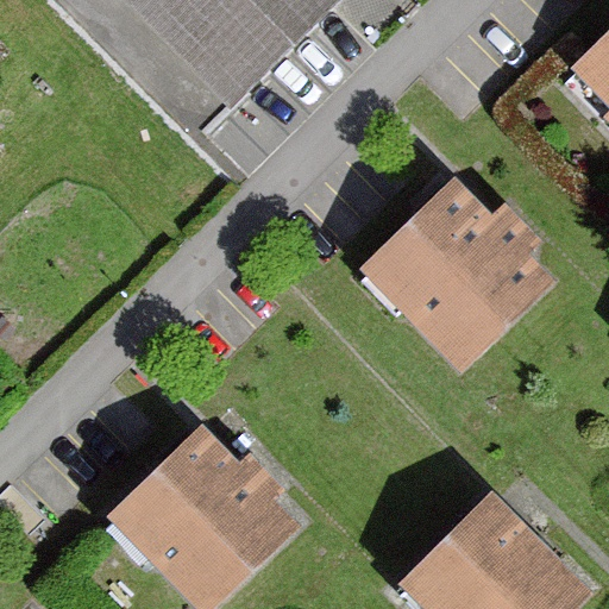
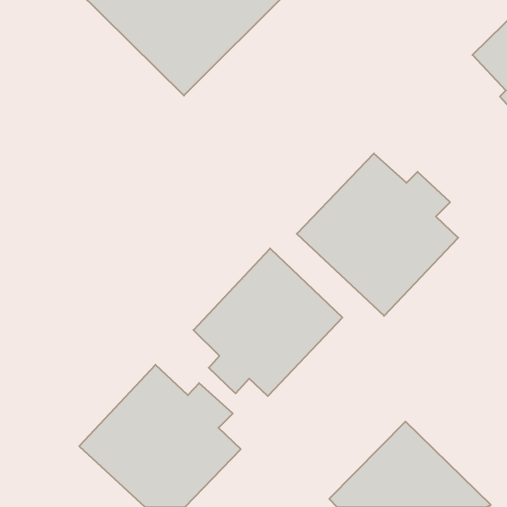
building: none -> [193,248,342,396]

